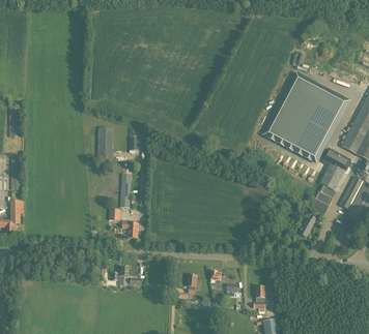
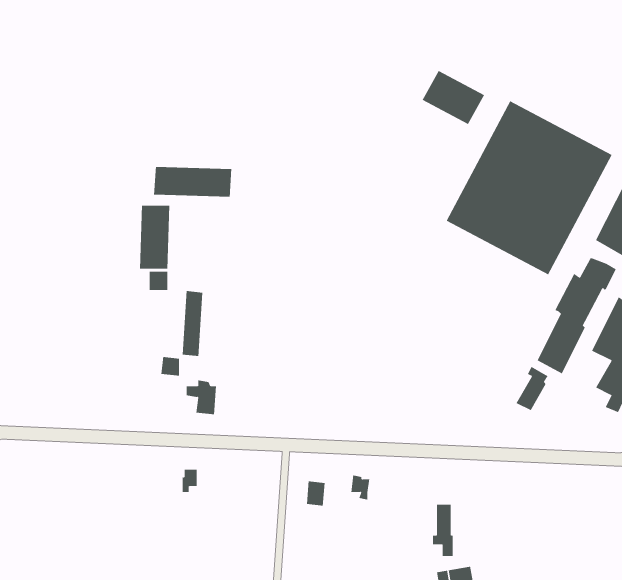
building: none -> [422,70,485,125]
building: none -> [154,166,232,197]

